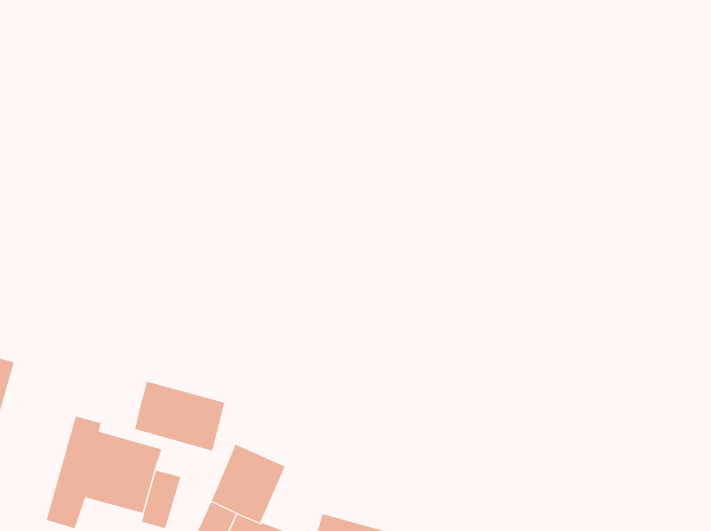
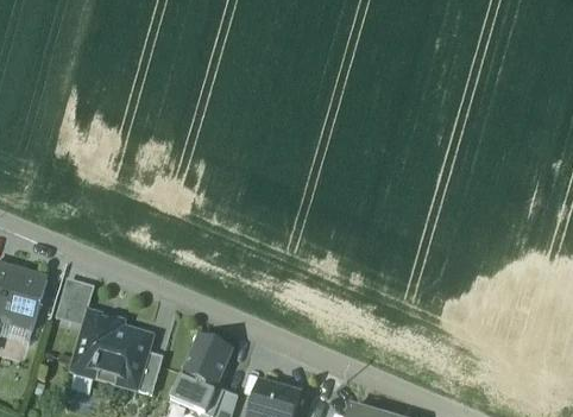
building: none -> [57,278,95,324]
building: [135,380,225,451] -> none

